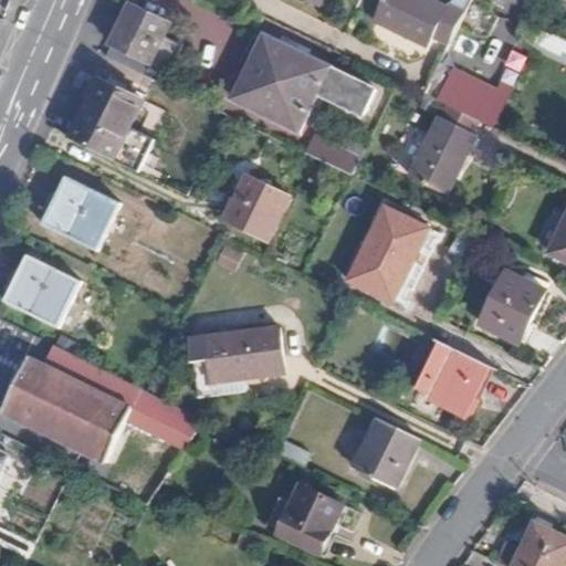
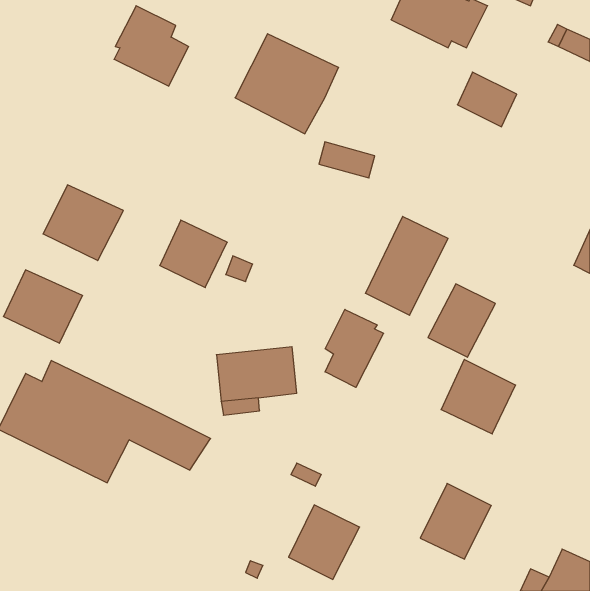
building: [308,64,374,117] -> none
building: [65,76,153,170] -> none
building: [407,119,472,195] -> none
building: [223,176,287,240] -> [160,220,227,288]
building: [476,272,541,342] -> [428,284,495,357]
building: none -> [325,309,384,387]
building: [350,417,418,489] -> [420,483,491,559]

